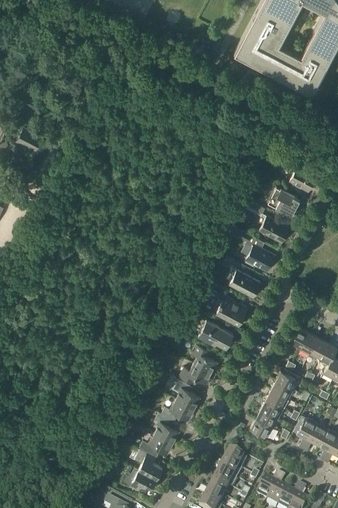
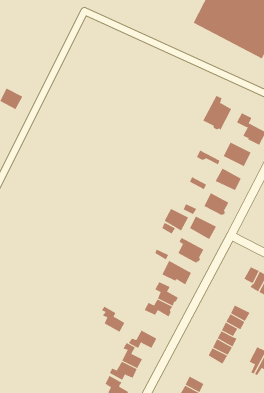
building: none -> [203,95,232,131]
building: none -> [164,208,189,231]
building: [173,379,200,409] -> [101,306,125,333]

